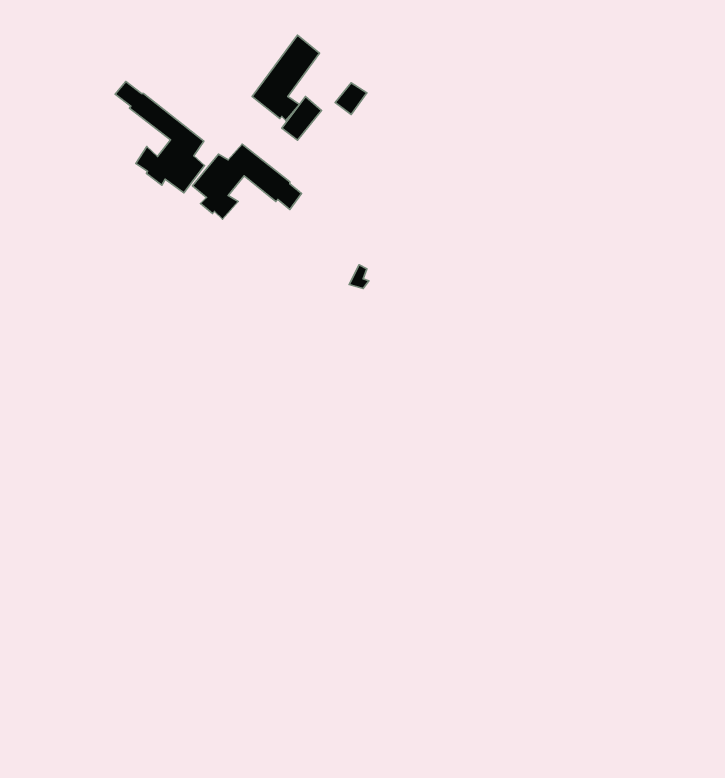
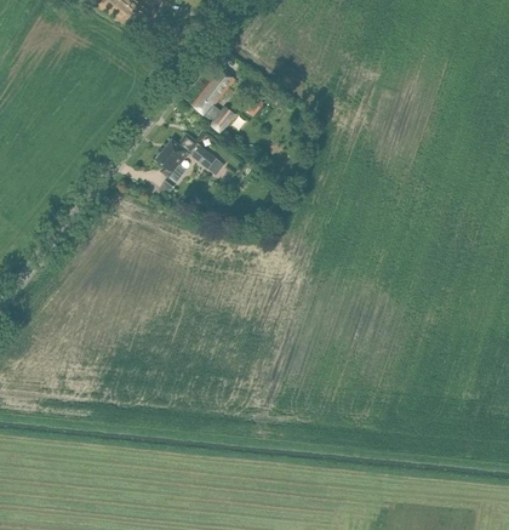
building: [115,82,205,193] -> none

